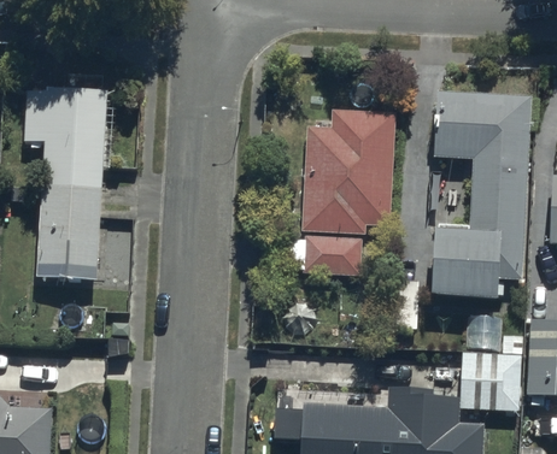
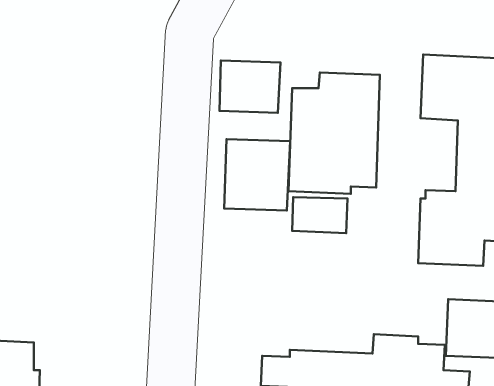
building: [25,94,109,283] -> none
building: none -> [219,60,281,113]
building: none -> [224,139,290,210]

